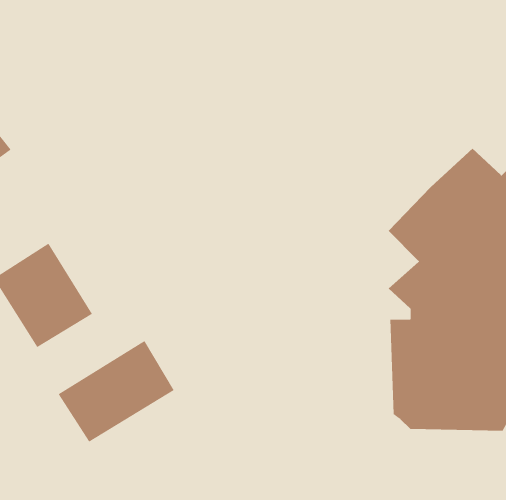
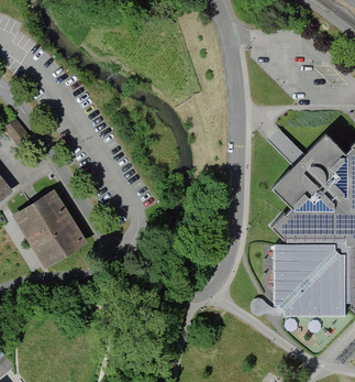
building: [58,340,175,443] -> none

